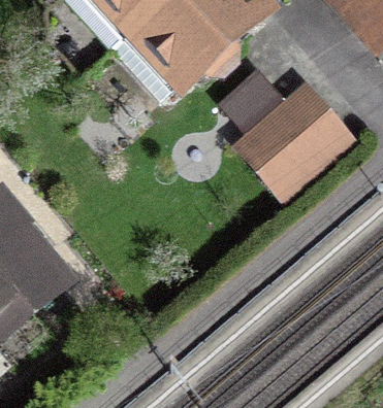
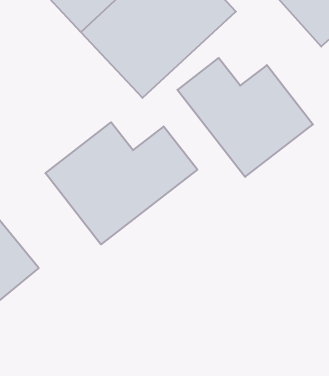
building: none -> [45,122,197,244]

